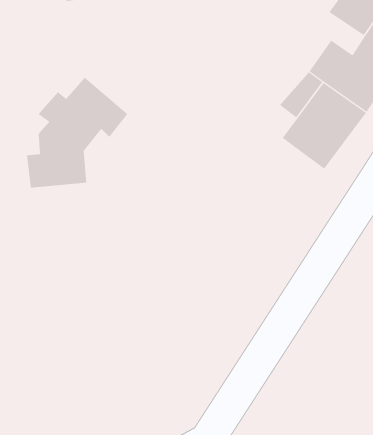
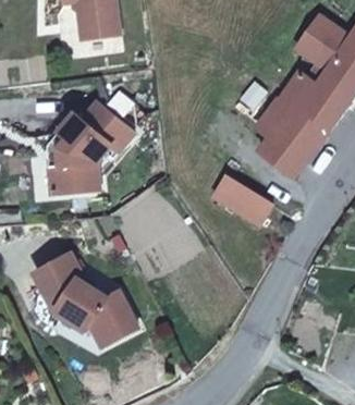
building: none -> [211,175,271,225]
building: none -> [33,253,136,345]

